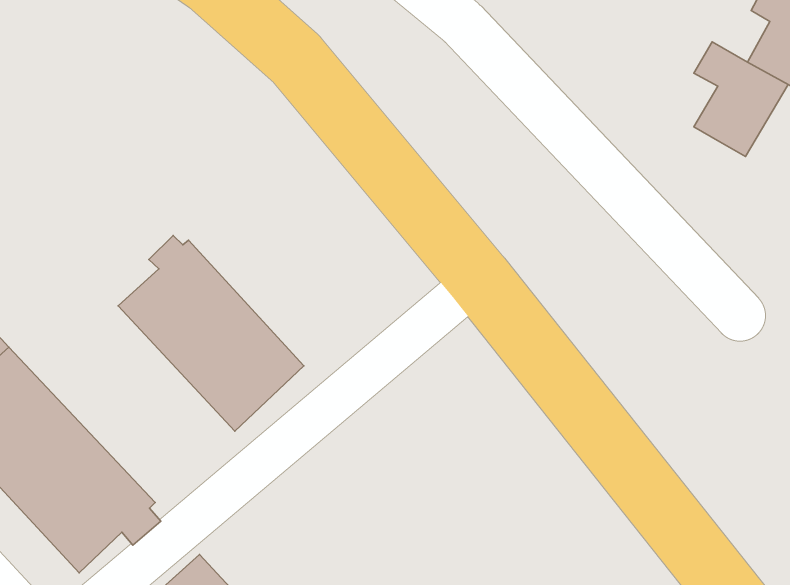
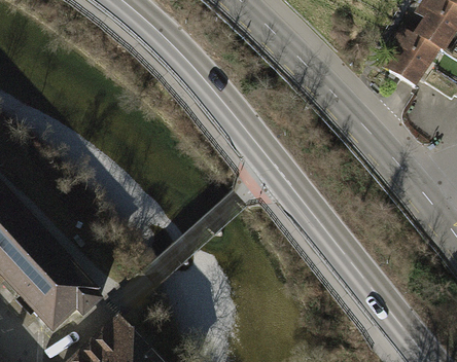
building: [118,235,304,431] -> none

